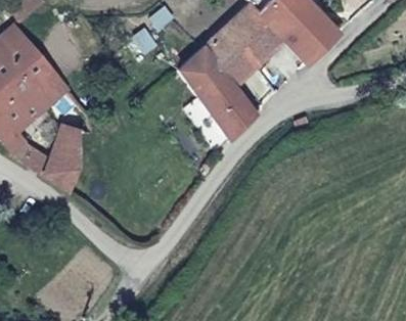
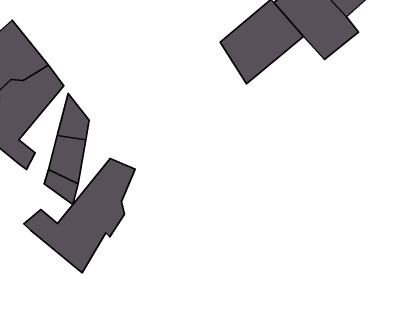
building: [179,45,253,139] -> none
building: none -> [24,159,135,273]

